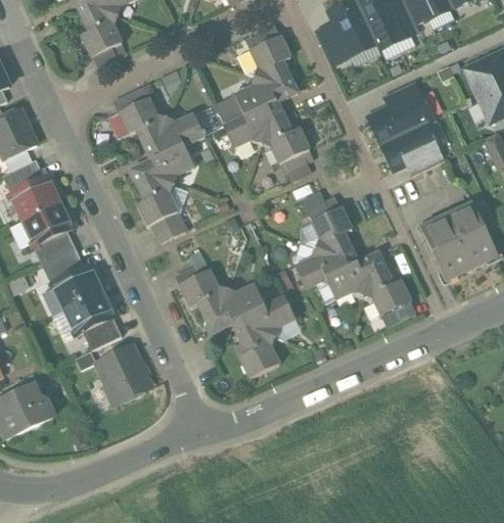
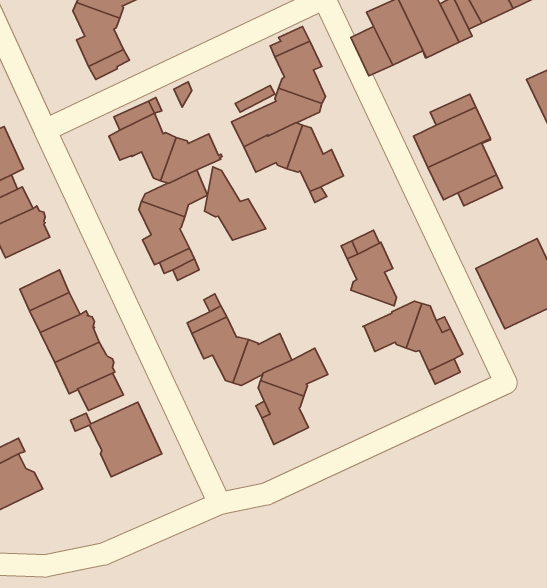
building: none -> [205,167,266,240]
building: [21,202,73,246] -> none
building: [295,247,352,288] -> none

